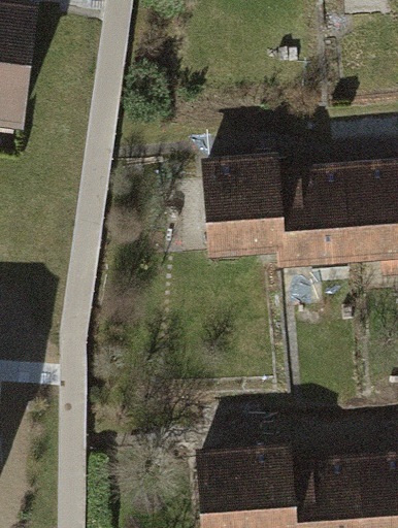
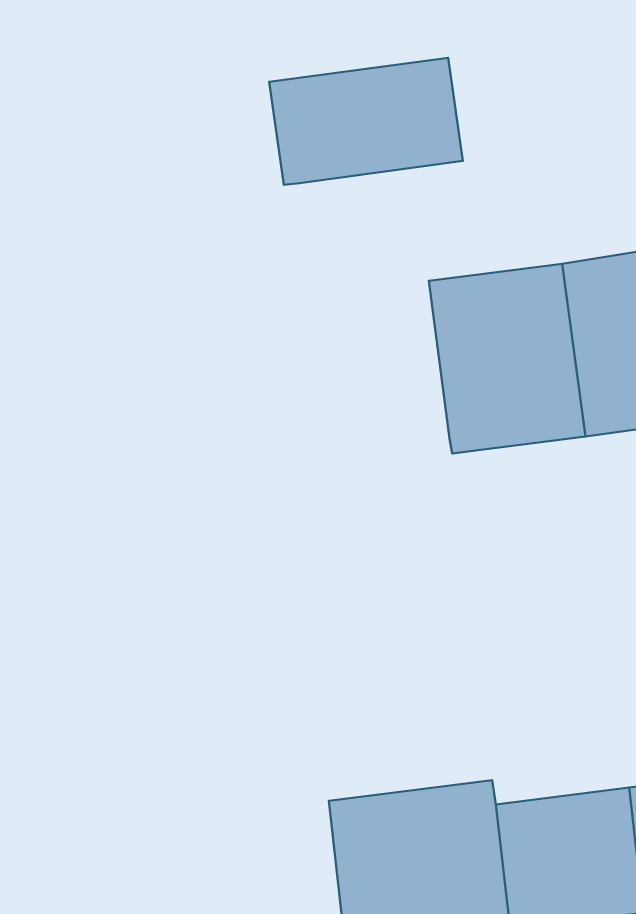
building: none -> [269,58,463,185]
building: [195,156,277,261] -> none

